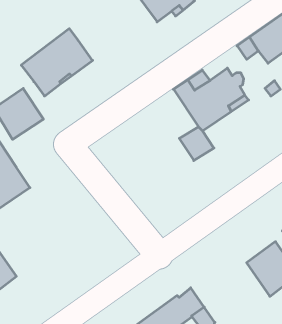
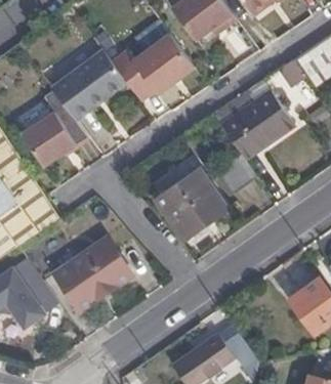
building: none -> [112,34,194,100]
building: none -> [158,171,226,239]
building: none -> [54,237,132,310]

